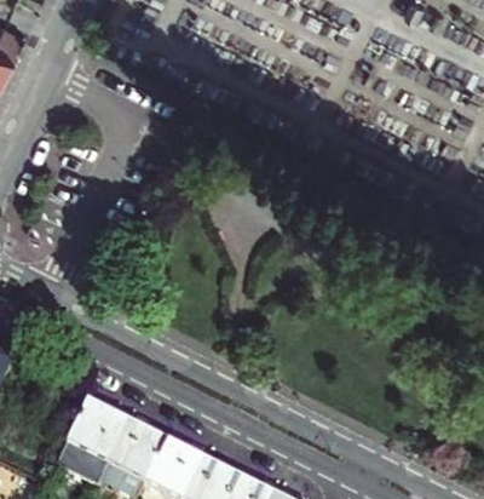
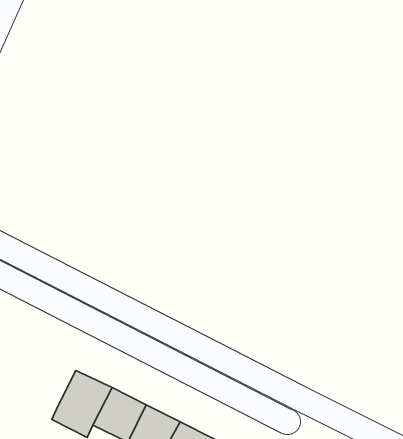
building: [65,405,126,464] -> none

